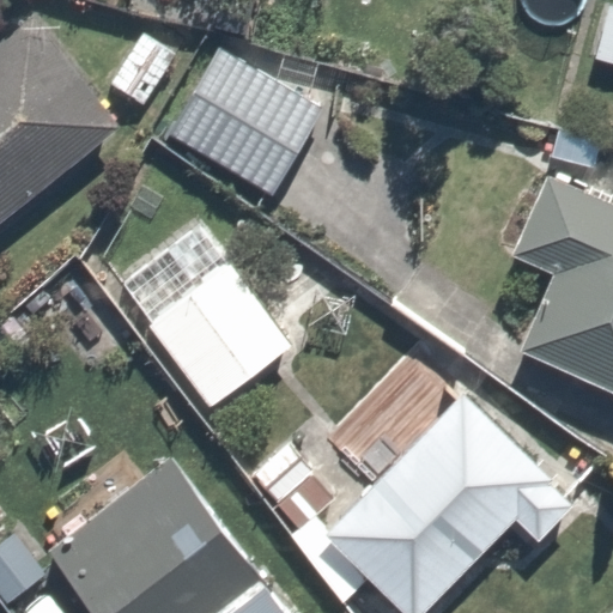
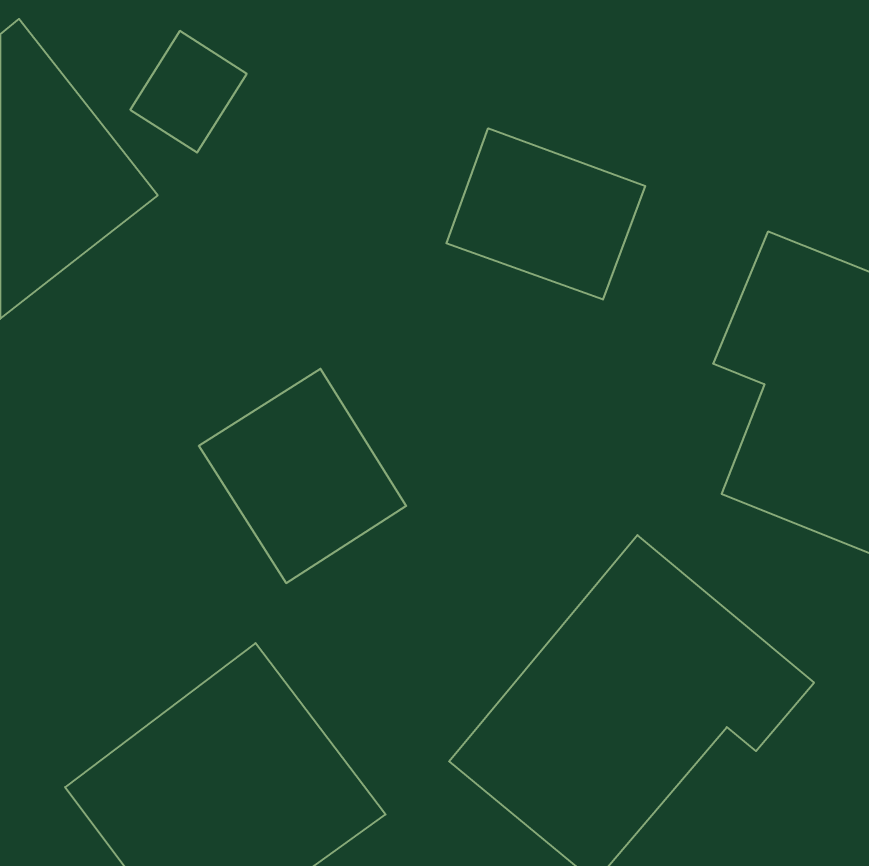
building: [165,44,310,181] -> none
building: none -> [446,128,645,300]

